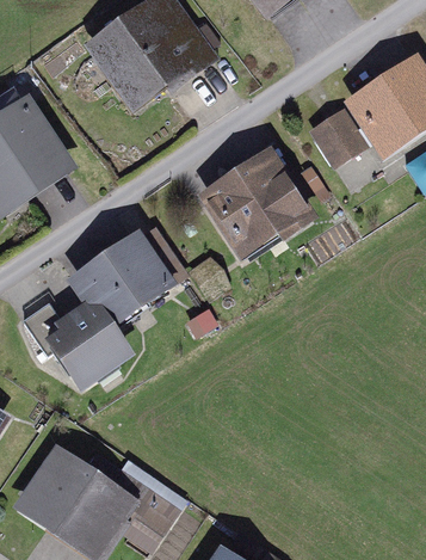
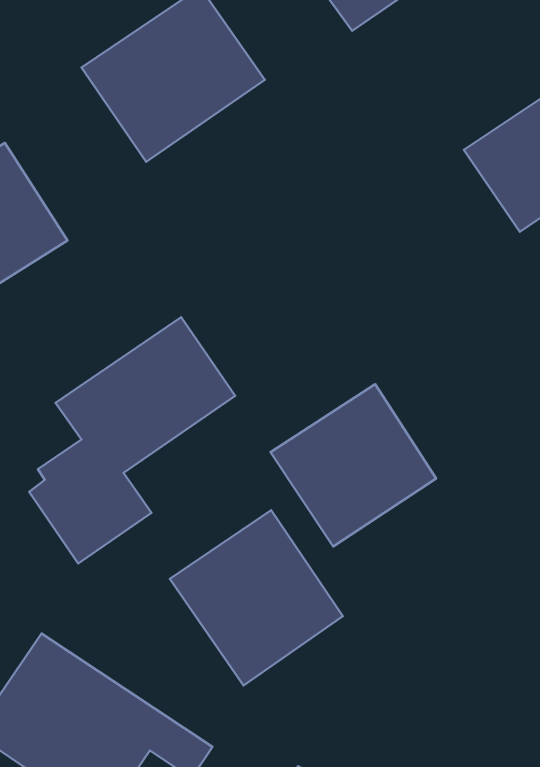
building: [308,111,360,165] -> none
building: [198,150,311,261] -> [270,384,436,547]
building: none -> [170,510,343,685]

